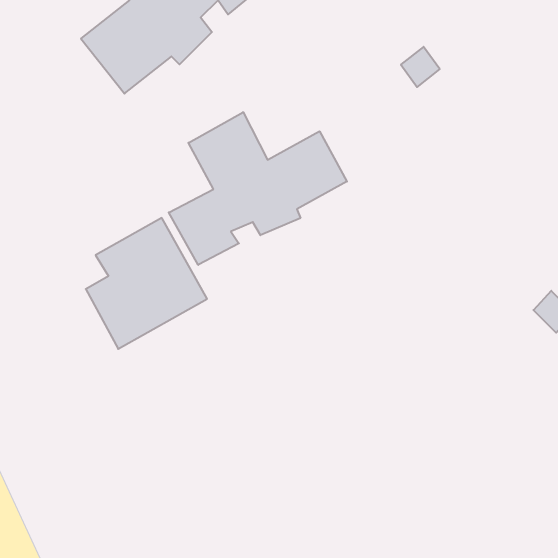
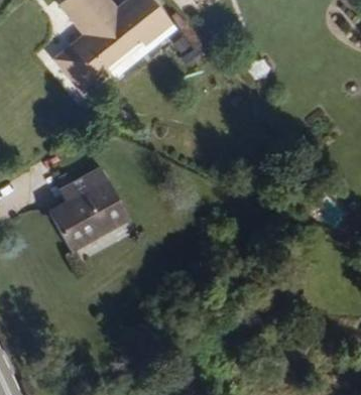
building: [169,112,347,265] -> none

